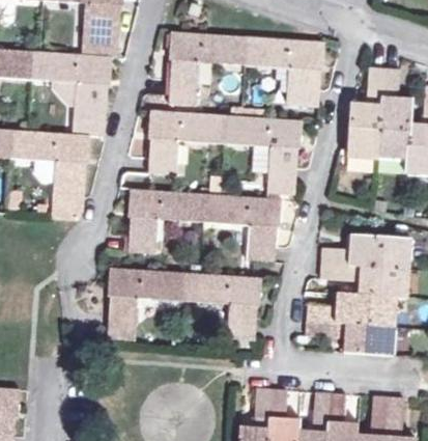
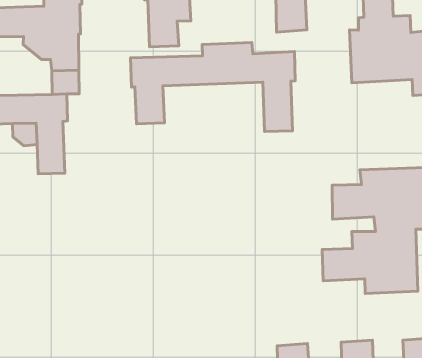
building: [127,189,282,259] -> none
building: [107,265,260,339] -> none

